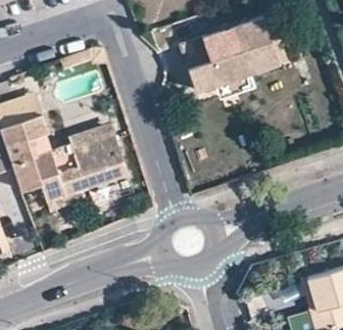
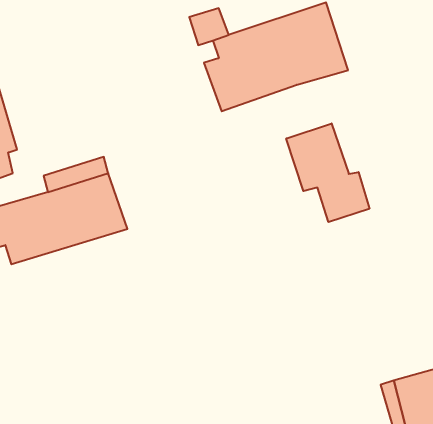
building: none -> [286,123,369,222]

